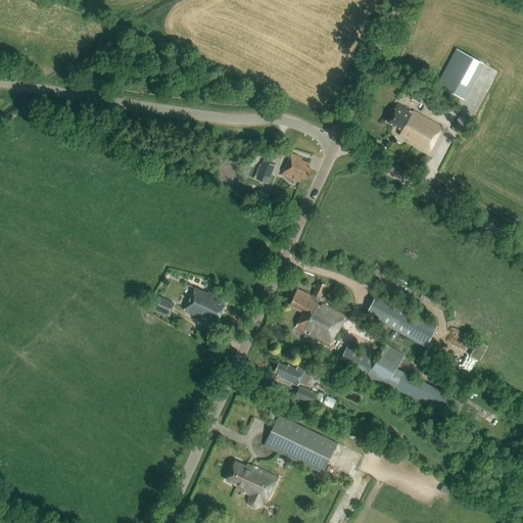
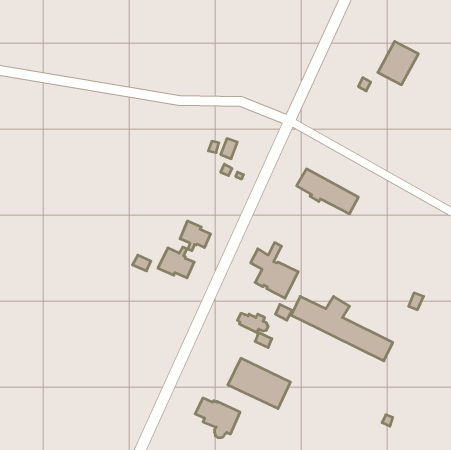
building: [387,103,441,151] -> none
building: [282,153,311,182] -> none
building: none -> [180,221,211,251]
building: [366,293,437,345] -> [297,169,358,214]

